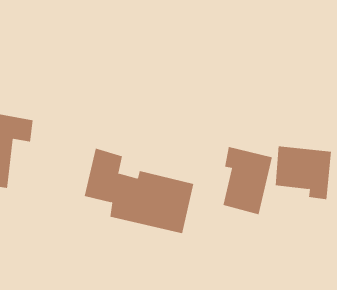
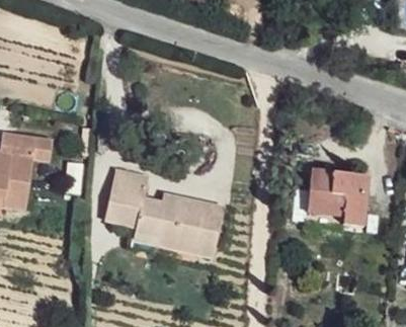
building: [223,146,272,215] -> none

